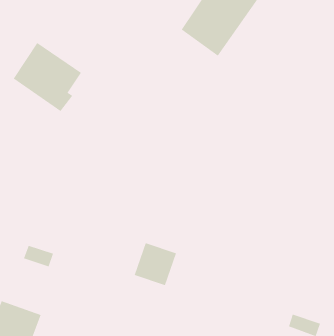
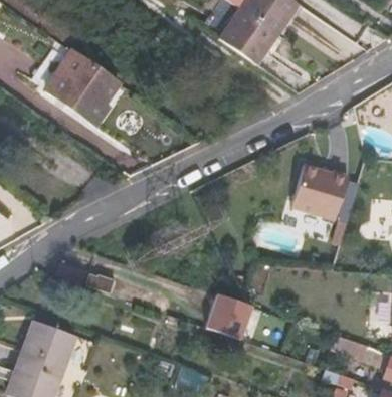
building: none -> [290,165,348,220]
building: [134,243,177,286] -> [209,295,254,341]

